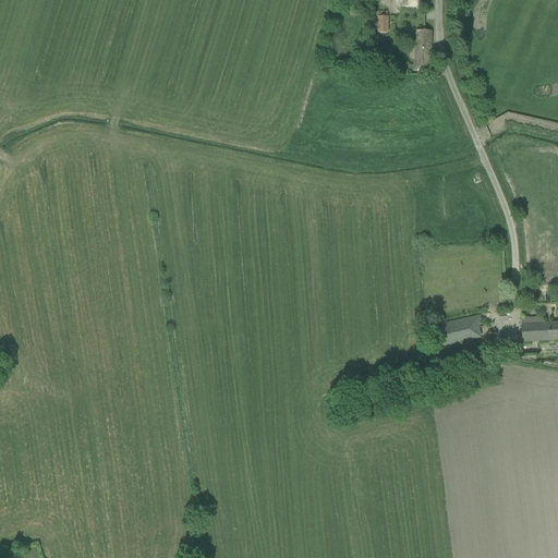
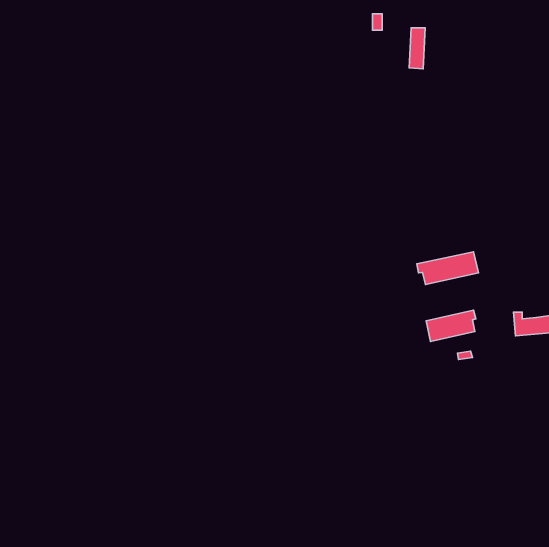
building: none -> [417,252,478,285]

